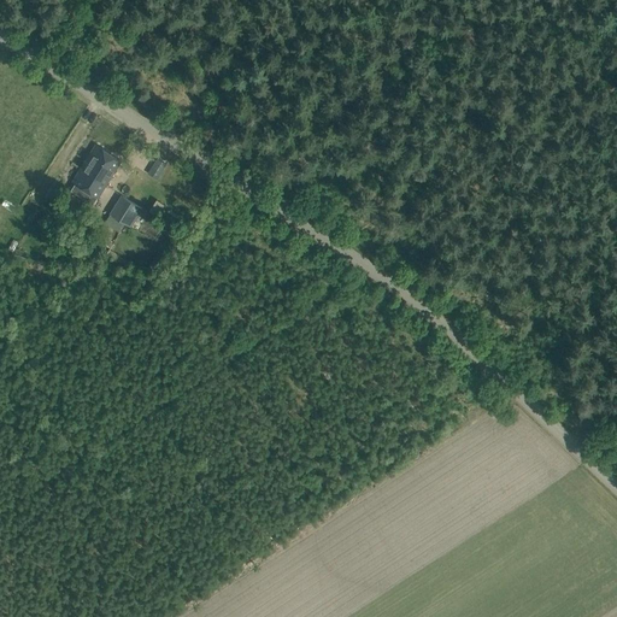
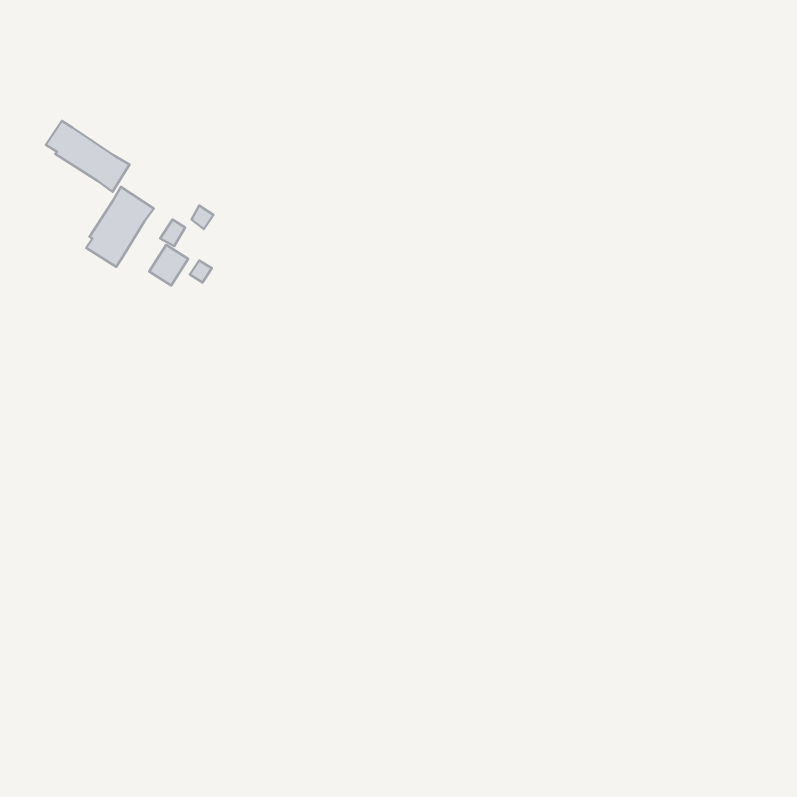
building: none -> [46,121,129,192]

